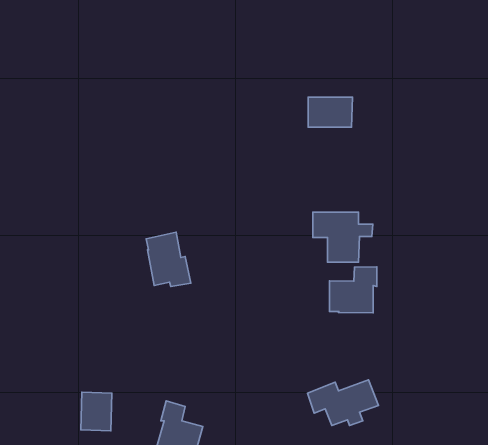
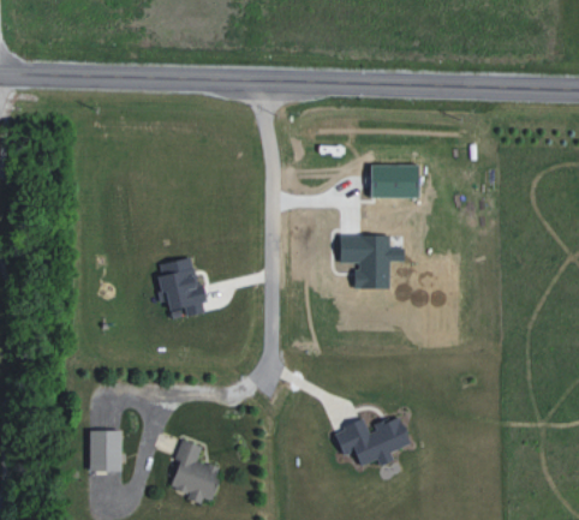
building: [308,97,352,127] -> [371,165,419,197]
building: [329,267,377,313] -> none

